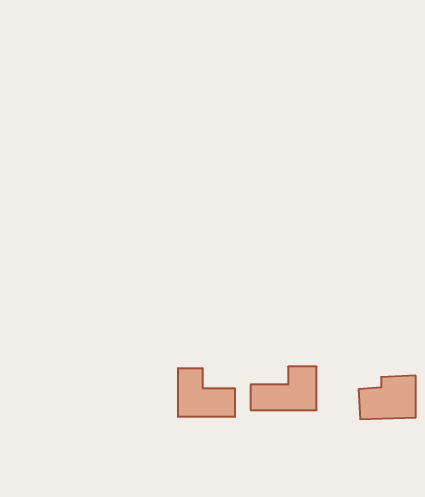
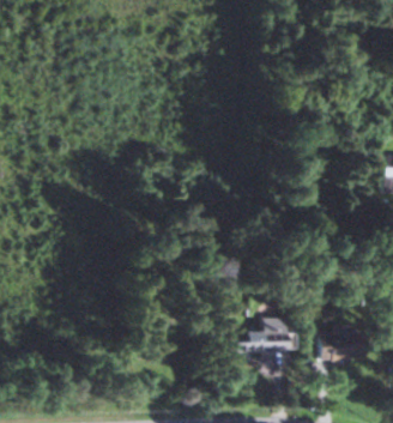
building: [178,368,235,417] -> none

